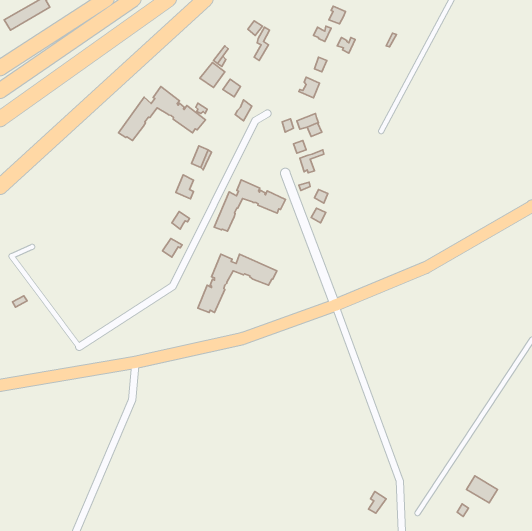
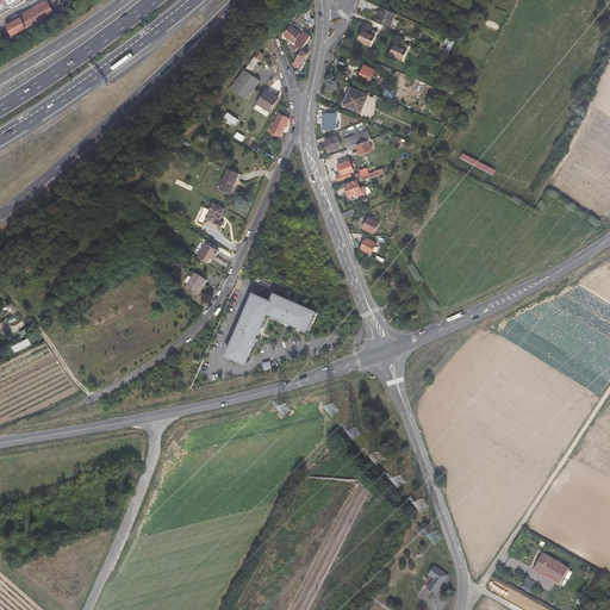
building: [119,86,205,141] -> none
building: [214,180,286,231] -> none

